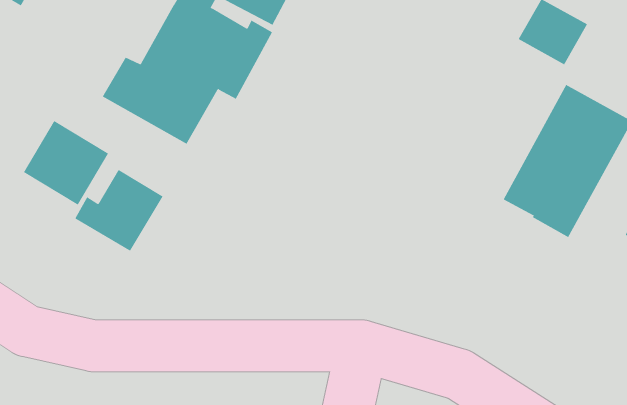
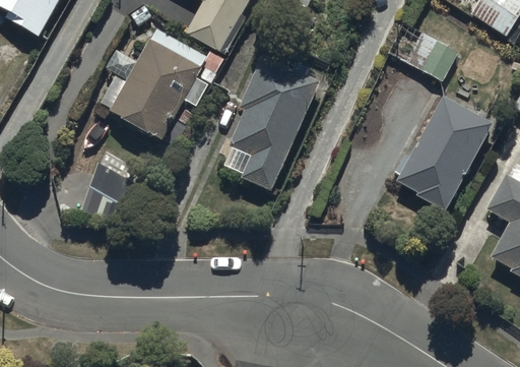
building: none -> [229,54,320,191]
building: [23,120,109,205] -> none

